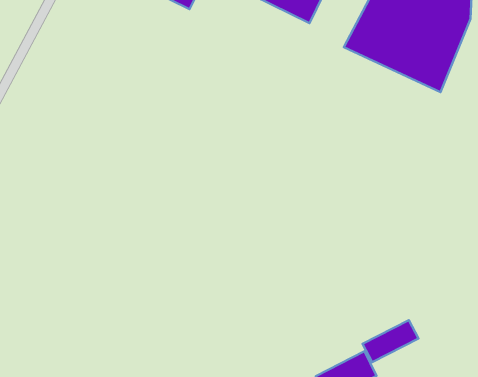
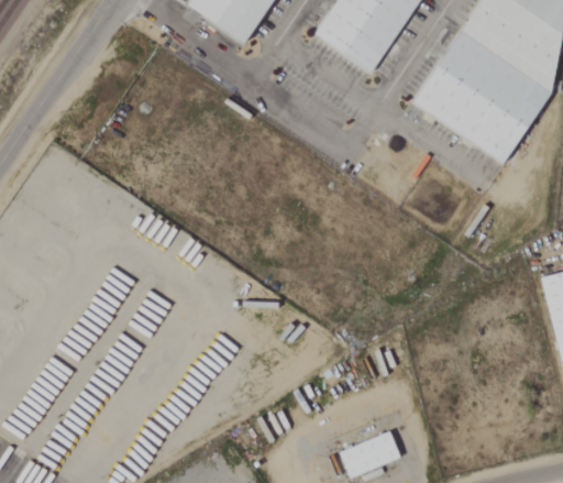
building: [362,320,419,362] -> none

